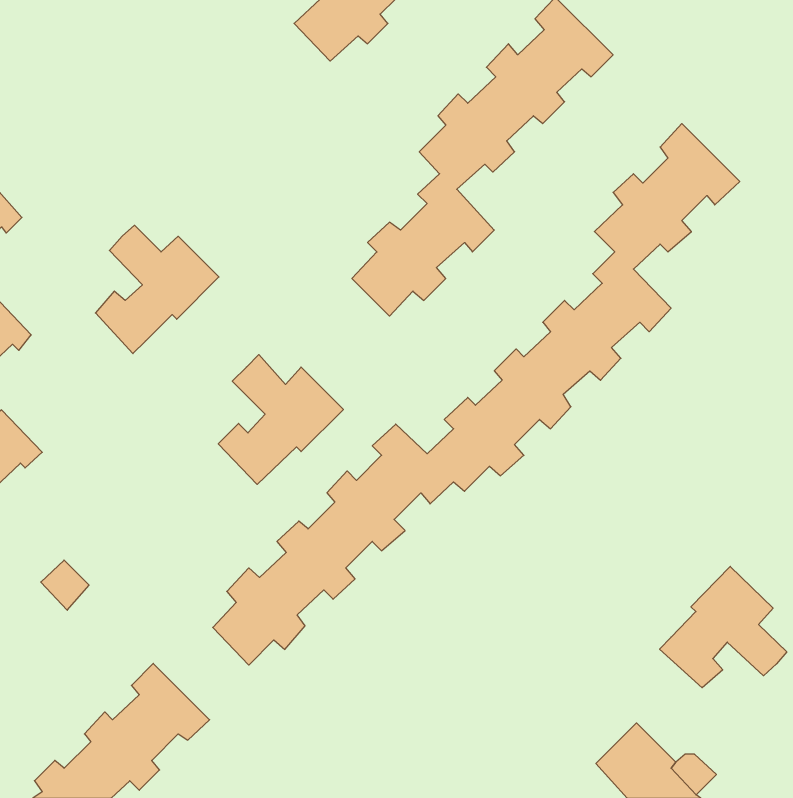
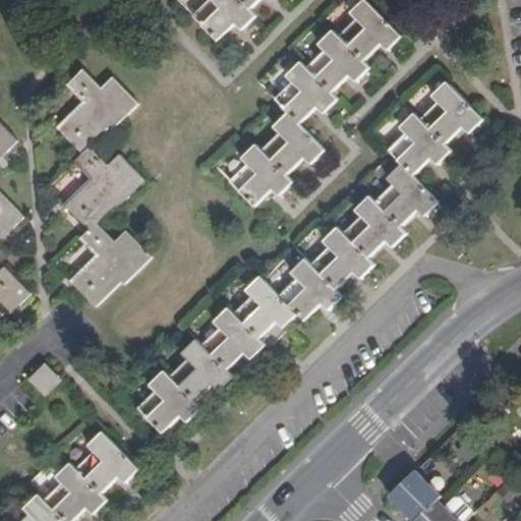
building: none -> [55,69,135,154]
building: [218,355,343,484] -> [68,222,150,306]
building: [660,566,787,688] -> none

